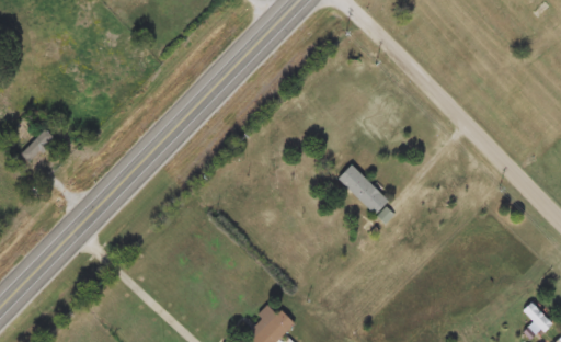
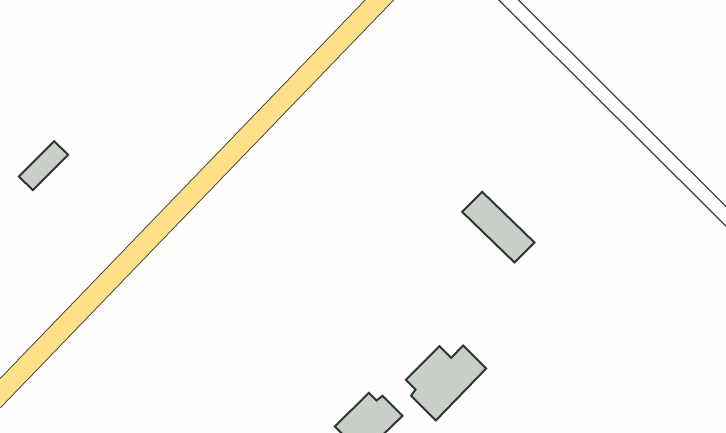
building: none -> [406,346,486,421]

